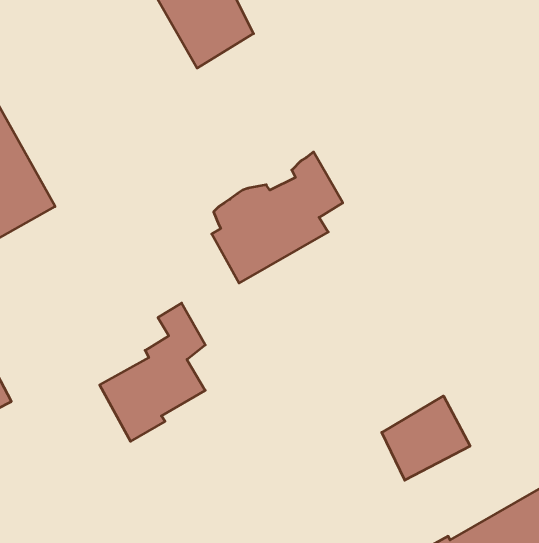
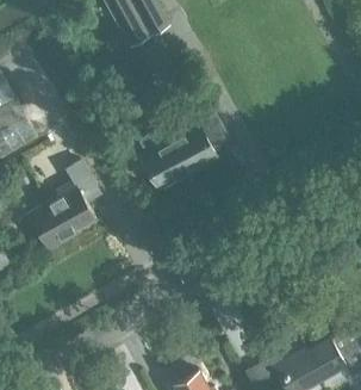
building: [100,303,205,441] -> [26,160,95,250]
building: [382,396,470,480] -> none

